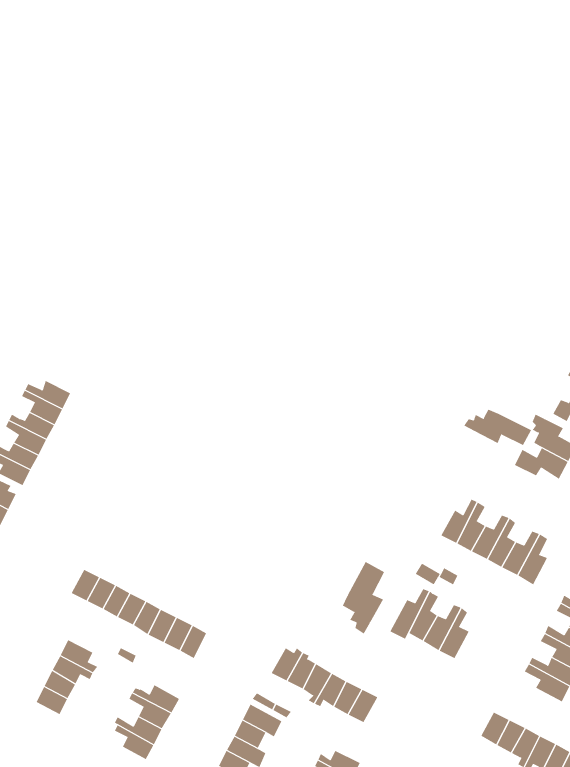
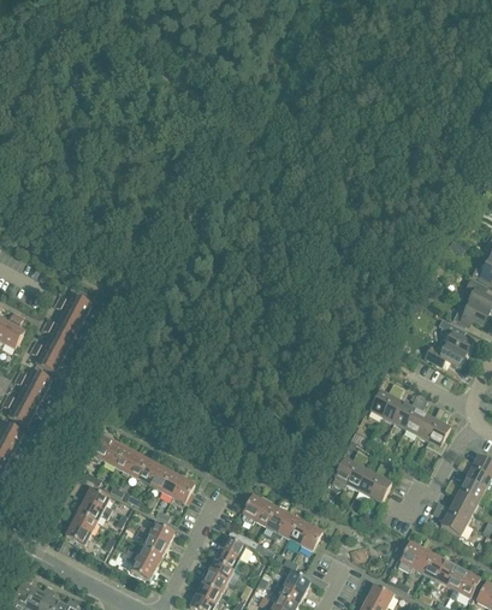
building: [464,409,532,446] -> none
building: [342,561,385,635] -> none

